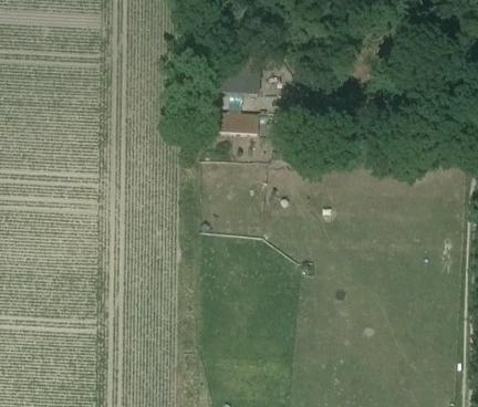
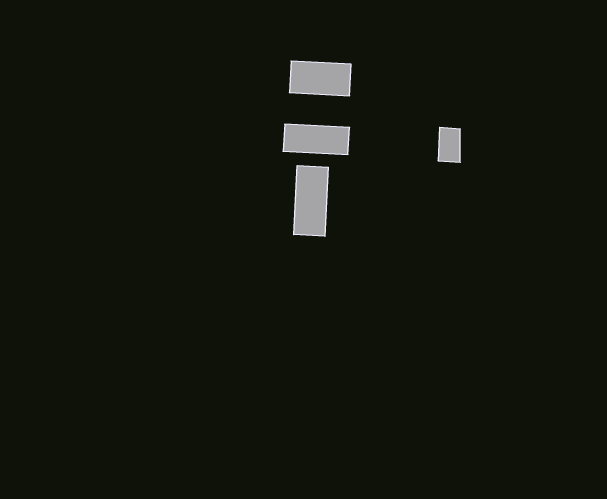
building: none -> [294,166,328,236]

